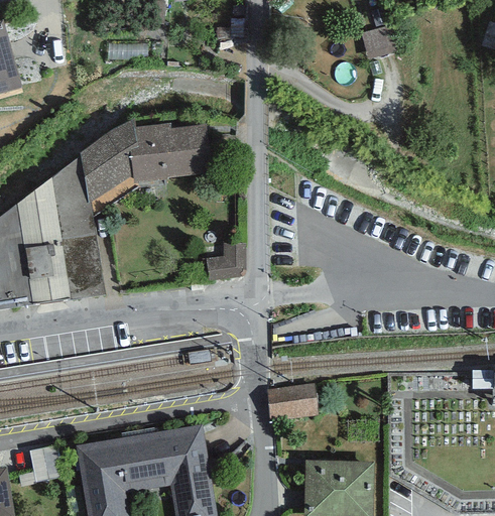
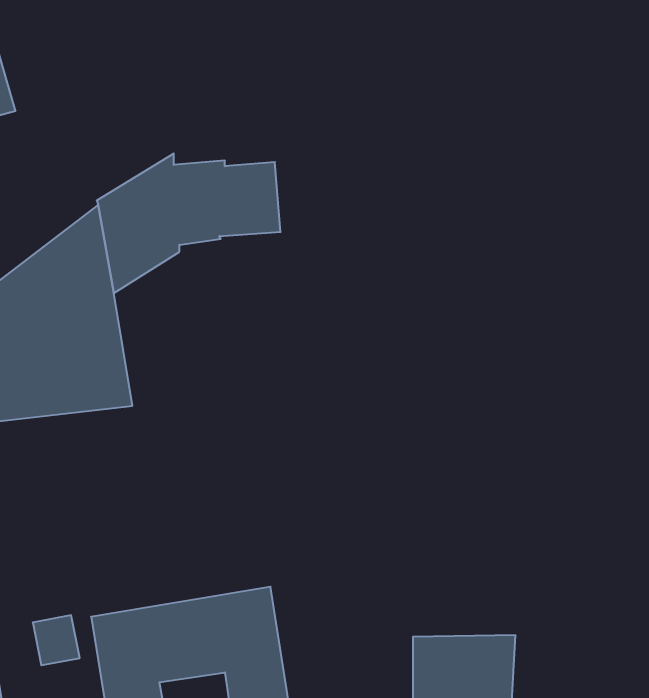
building: [364,24,398,58] -> none
building: [204,243,244,280] -> none
building: [265,383,316,419] -> none

